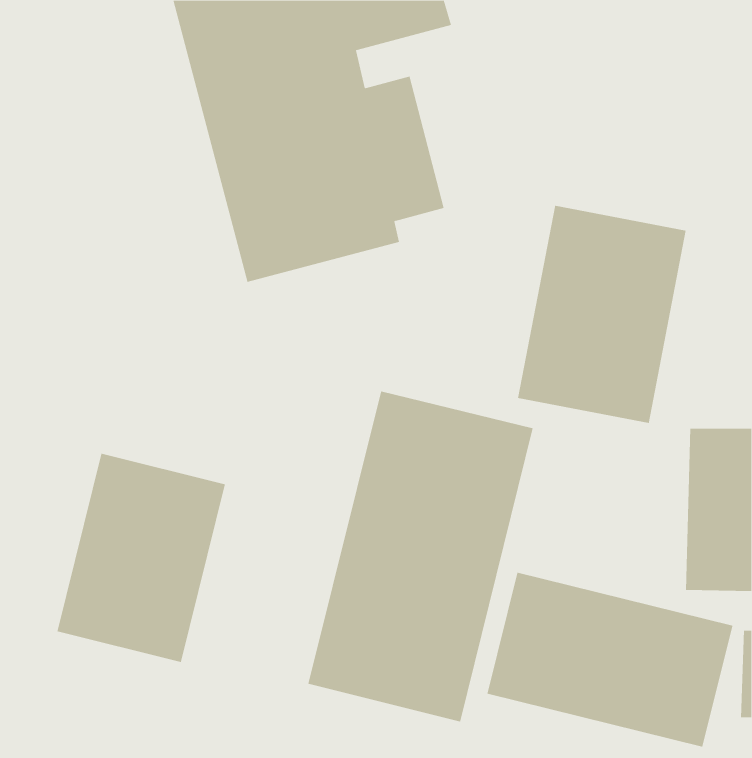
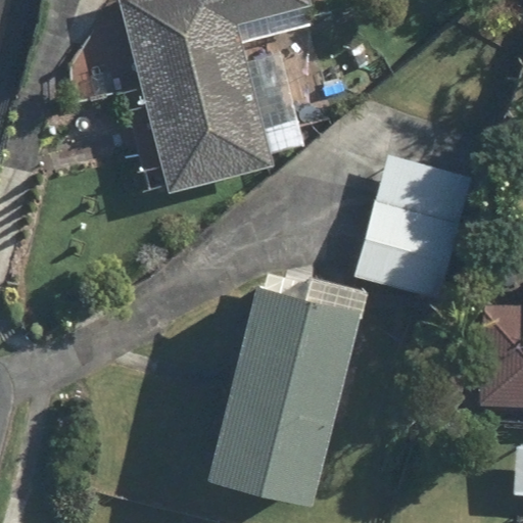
building: [57,453,226,663] -> none
building: [487,572,733,748] -> none

